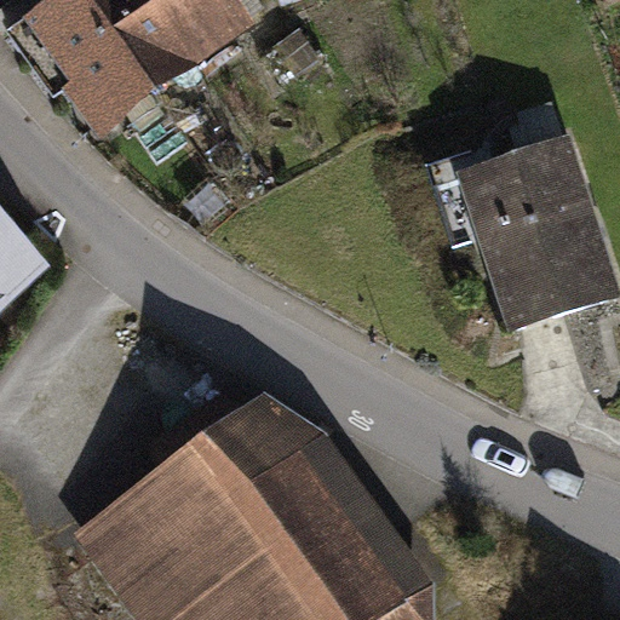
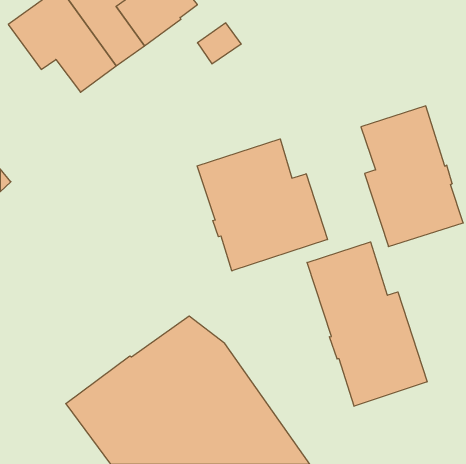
building: none -> [197,139,327,271]
building: none -> [307,242,427,406]

